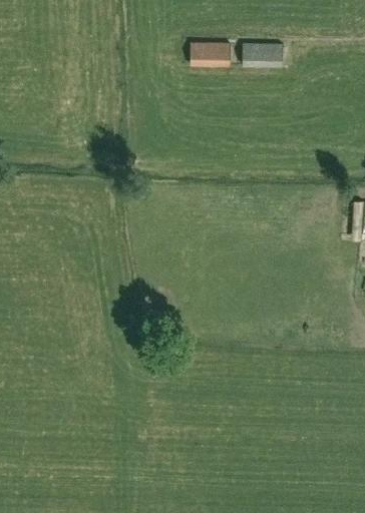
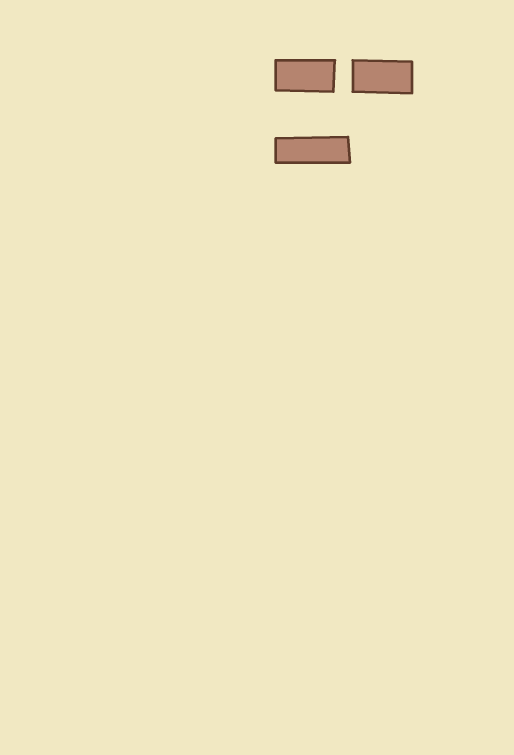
building: none -> [276,137,350,163]

